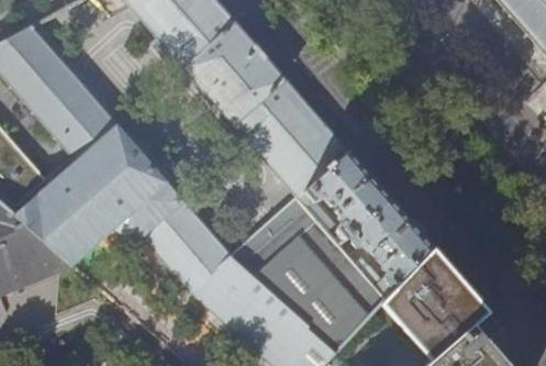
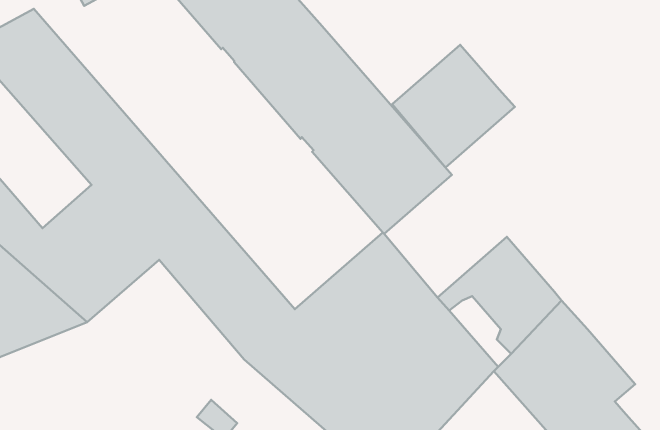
building: [299,153,392,246] -> [392,45,515,168]

